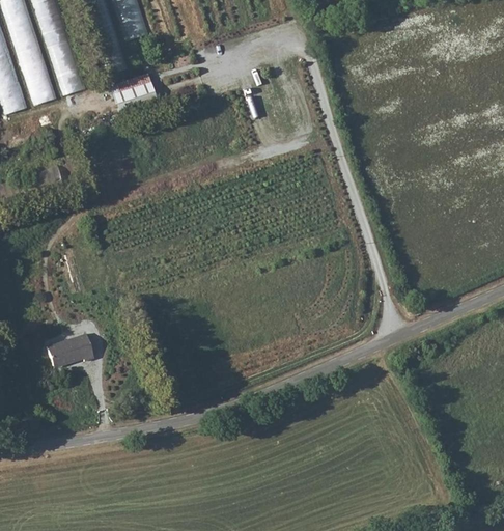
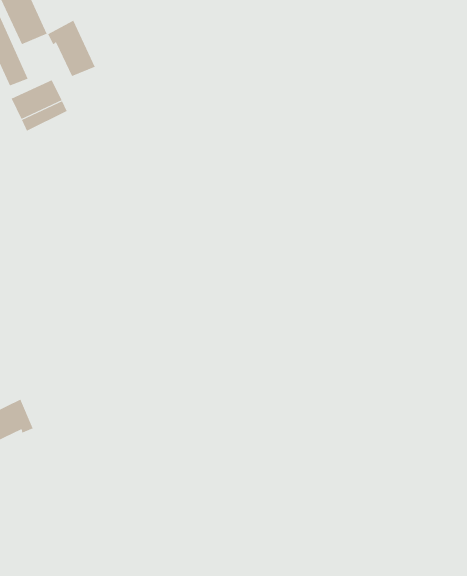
building: none -> [47,20,96,77]

